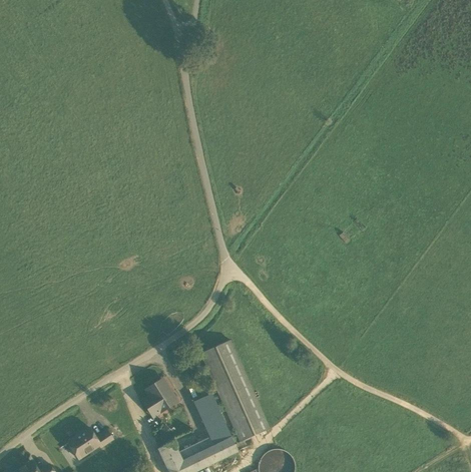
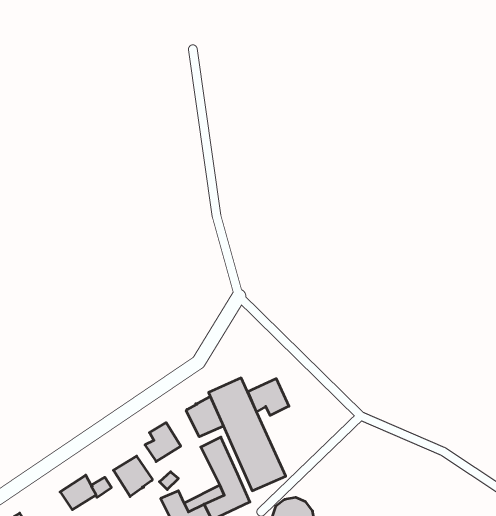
building: none -> [248,379,289,415]
building: none -> [186,397,224,437]
building: none -> [113,456,152,497]

